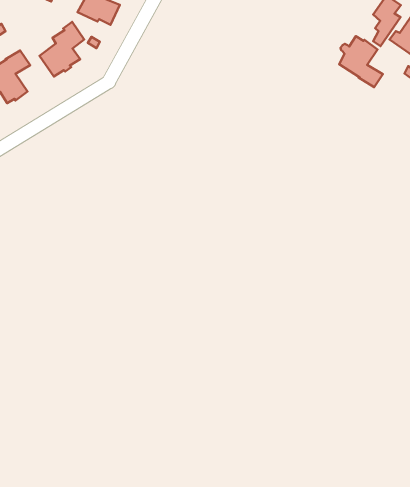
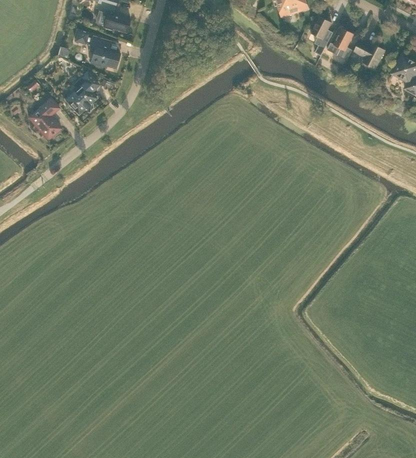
building: [339,36,383,87] -> none

